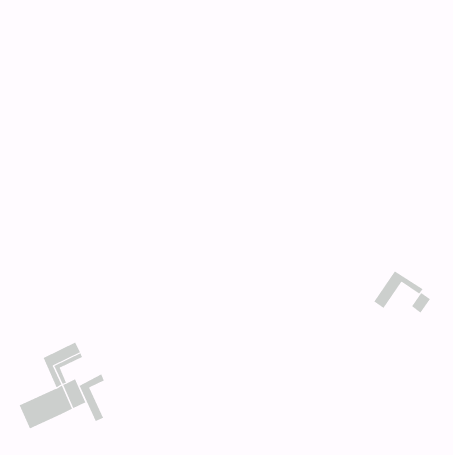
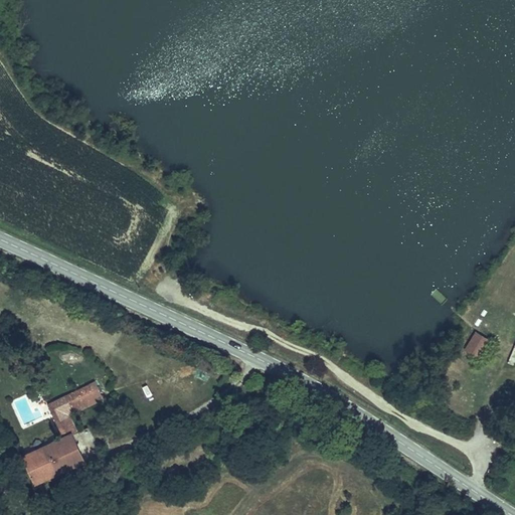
building: [374,271,424,309] -> none
building: [79,374,105,422] -> none

